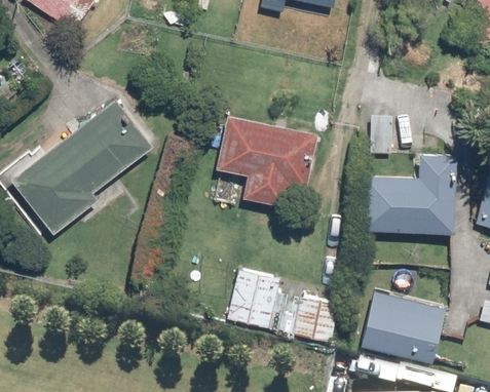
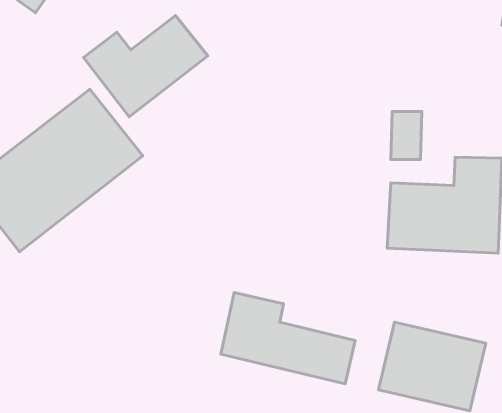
building: none -> [83,15,208,117]
building: [215,115,318,211] -> none

